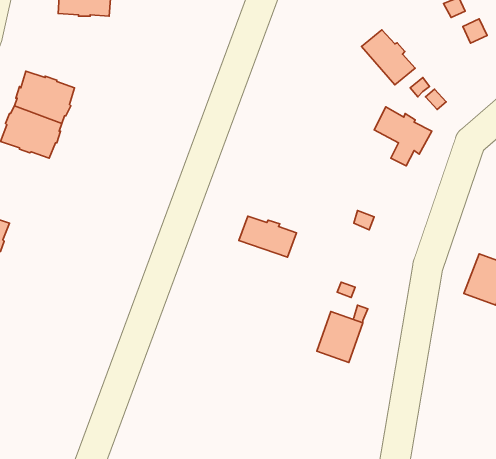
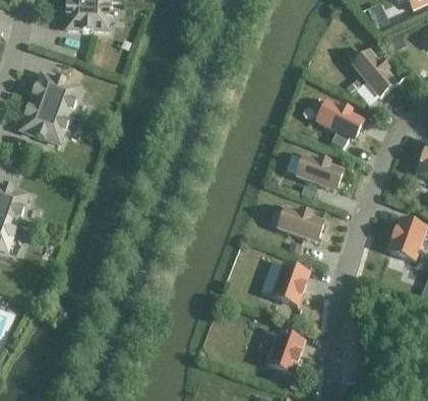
building: [361,30,415,85] -> [352,52,394,95]
building: none -> [296,156,342,190]
building: [239,216,296,257] -> [277,208,322,241]
building: none -> [265,332,303,373]

